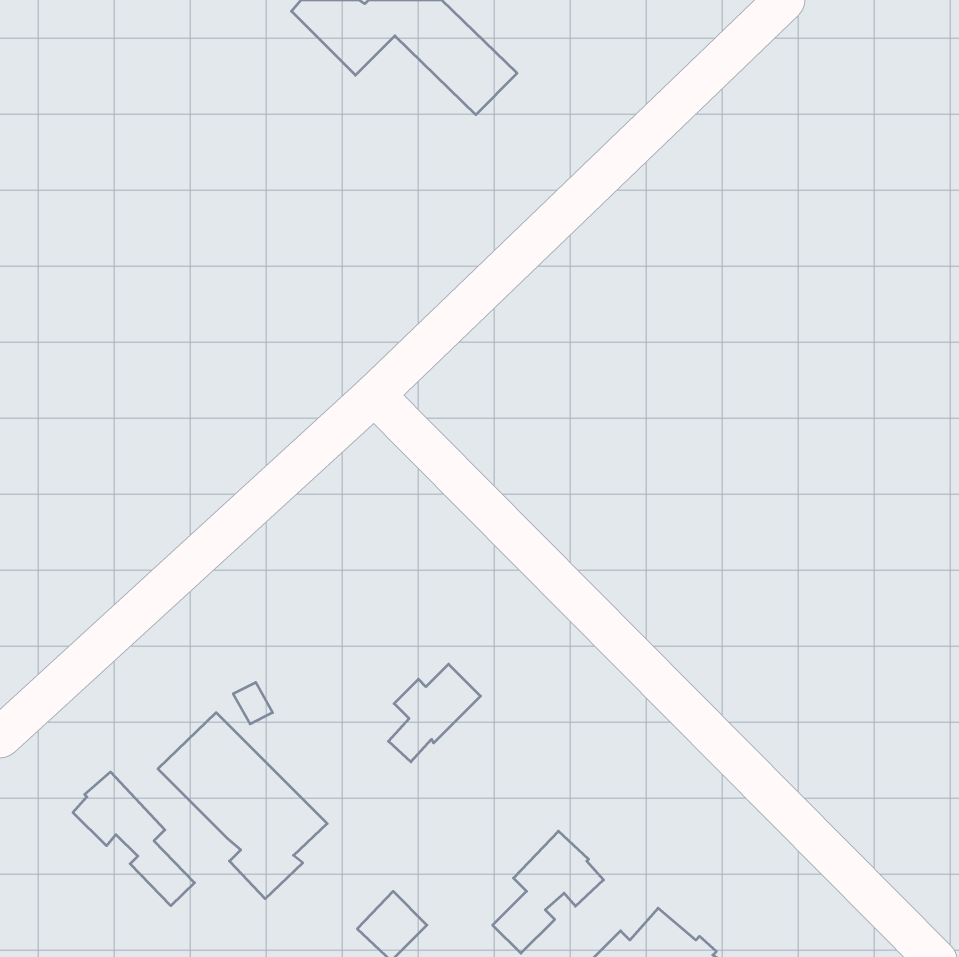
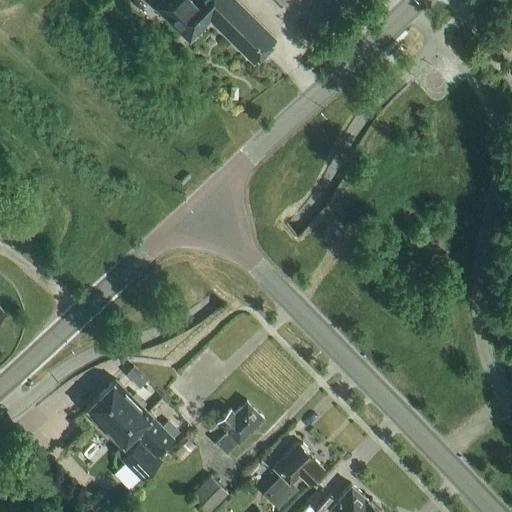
building: [388,664,481,762] -> [215,403,264,455]
building: [73,772,195,906] -> none

